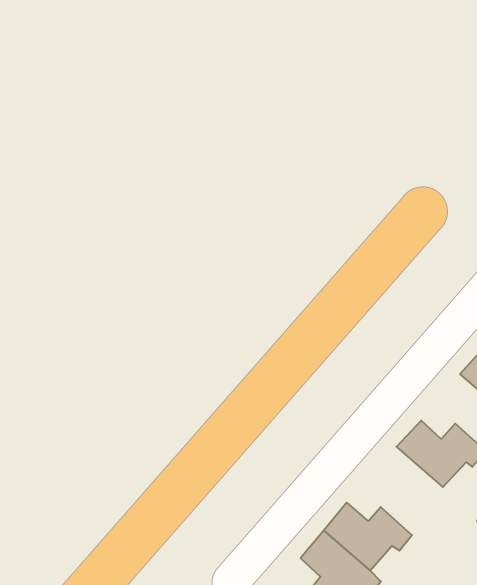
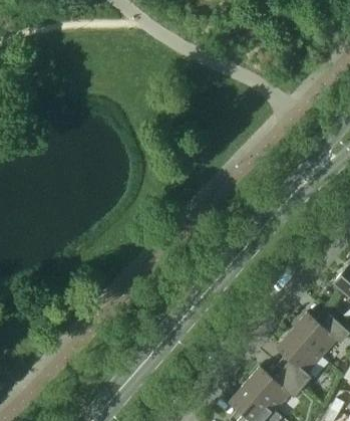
building: none -> [277,330,322,387]

